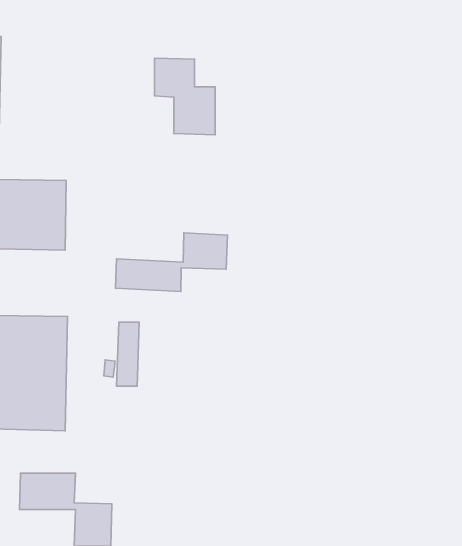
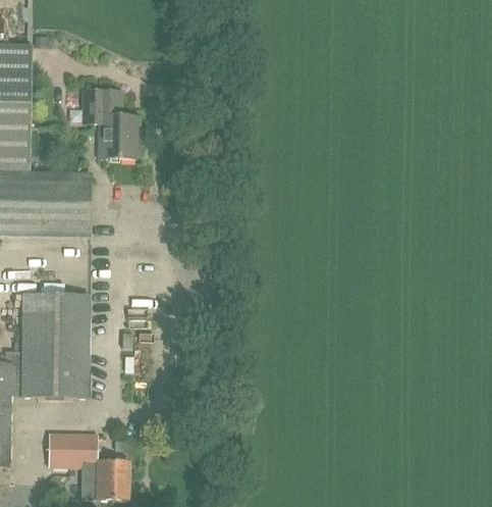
building: [155,58,215,135] -> [85,89,139,157]
building: [115,233,227,292] -> none

